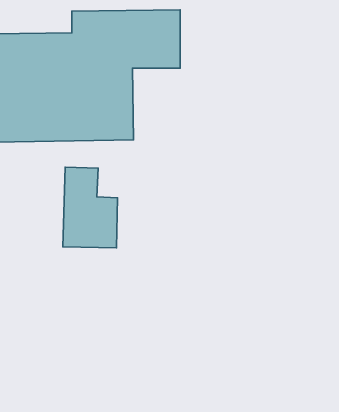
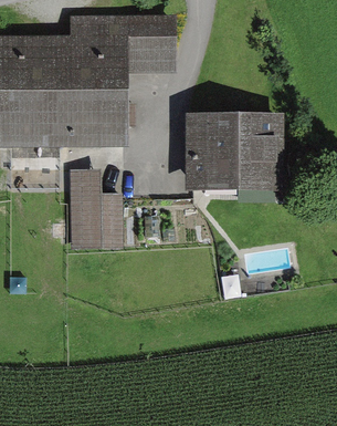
building: none -> [187,112,284,187]

